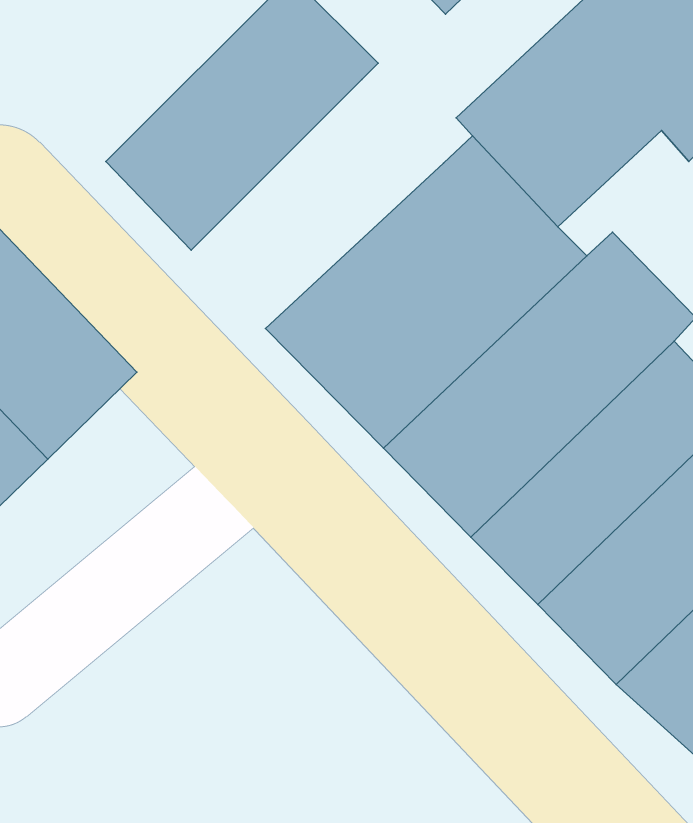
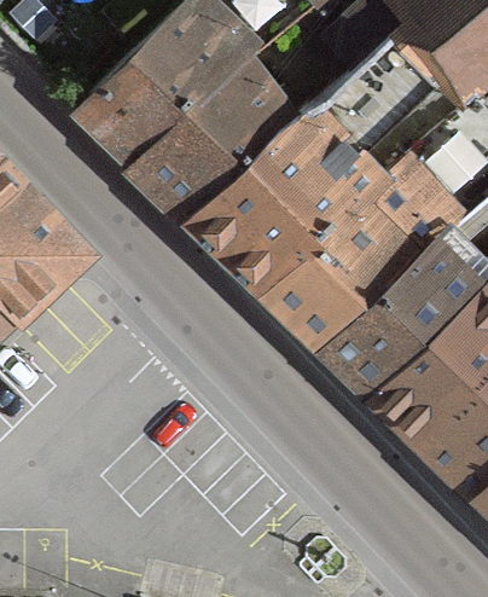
building: none -> [133,54,301,220]

